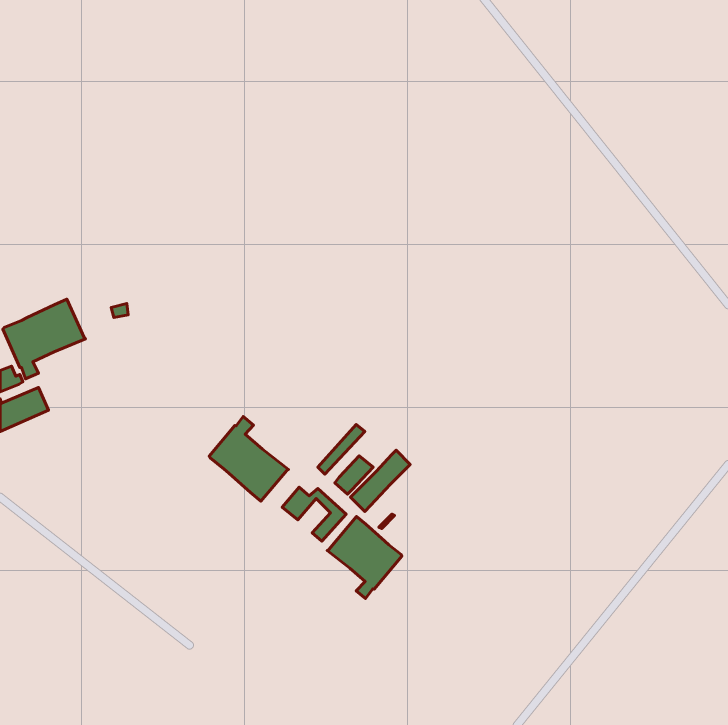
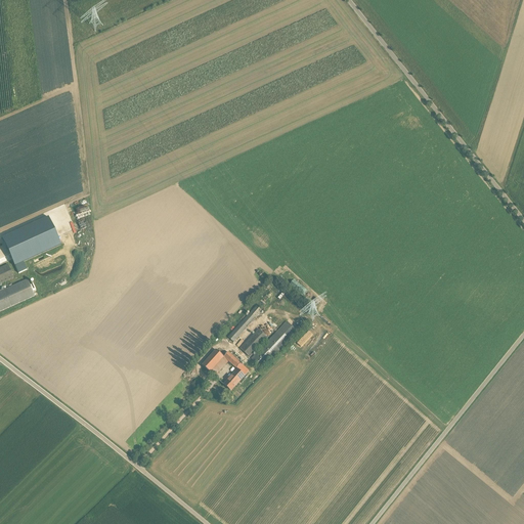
building: [209,417,288,501] -> none
building: [327,516,402,599] -> none

